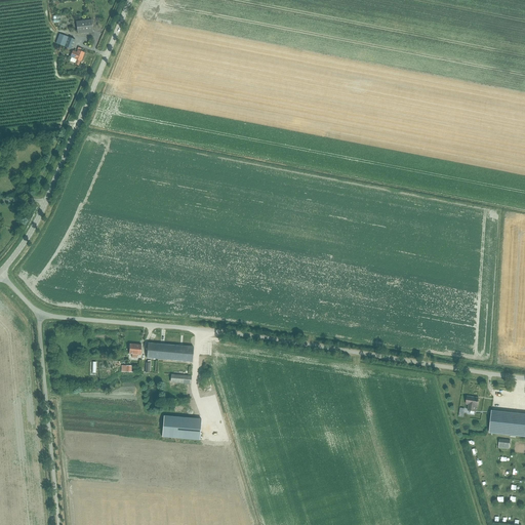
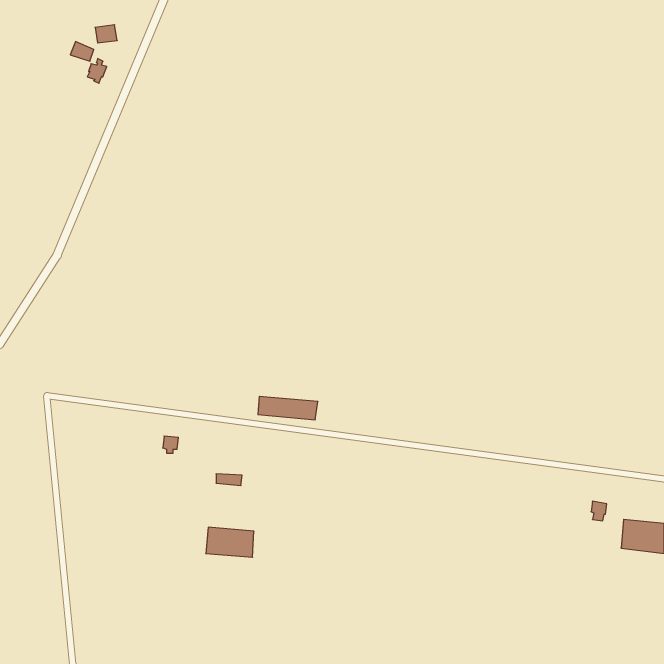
building: [146,342,193,361] -> [258,396,318,420]

